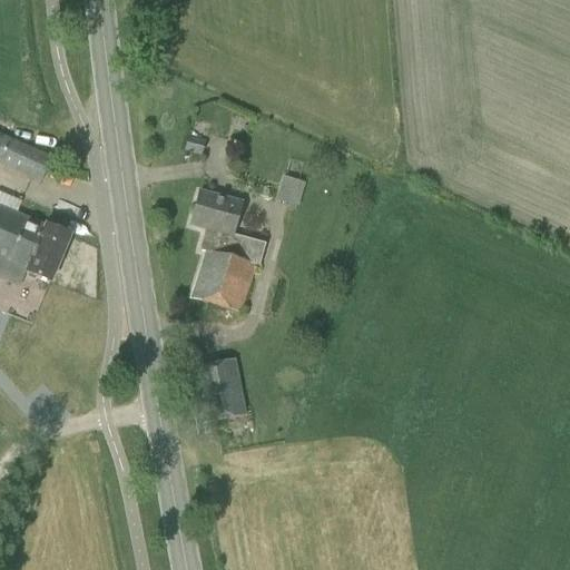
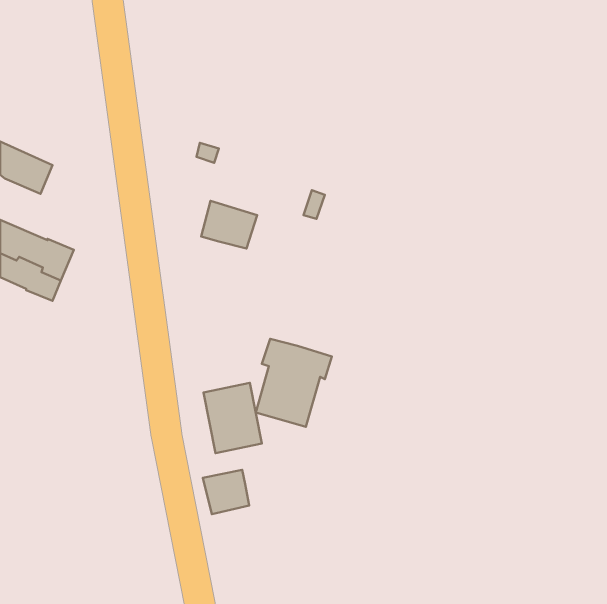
building: [193,226,264,308] -> [256,339,332,427]
building: none -> [203,470,249,514]

